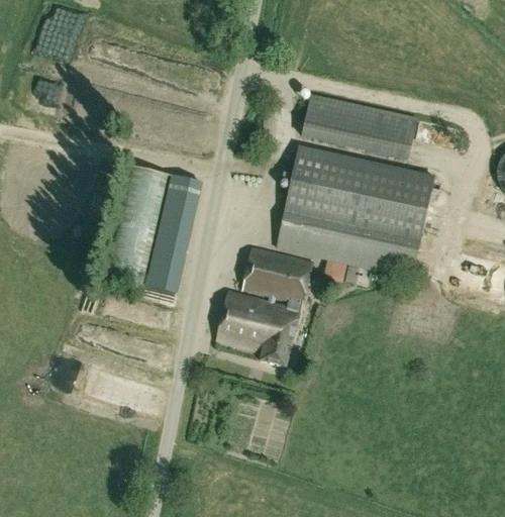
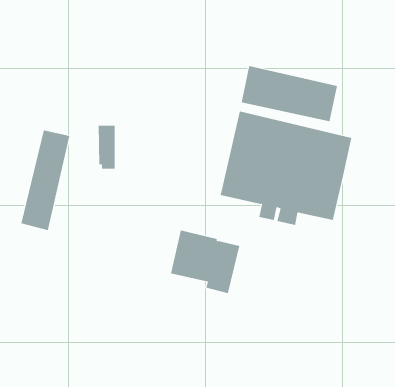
building: [142,174,202,295] -> [21,130,70,231]
building: [243,247,311,302] -> none

